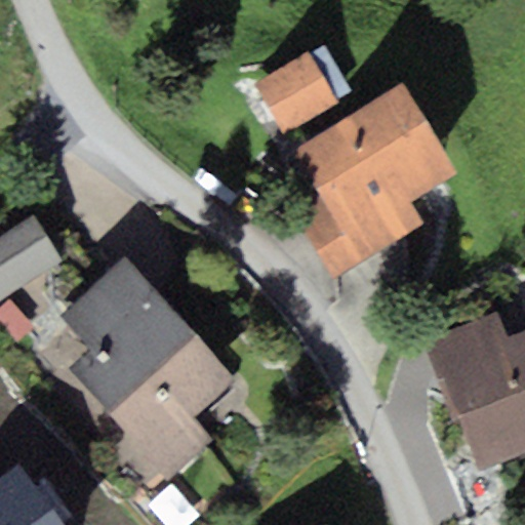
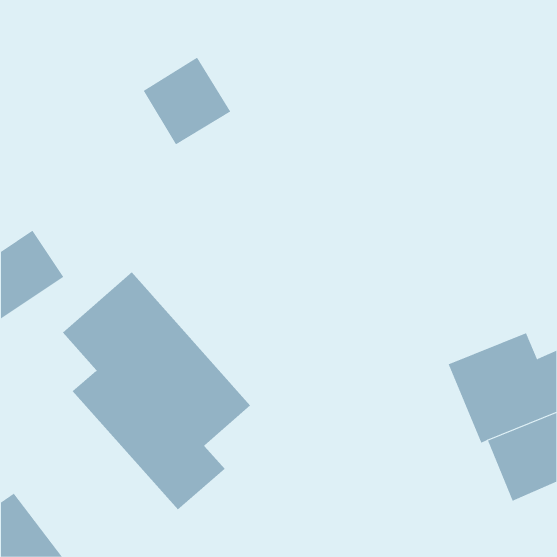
building: [254,52,337,135] -> [143,57,231,145]
building: [291,82,457,280] -> none

